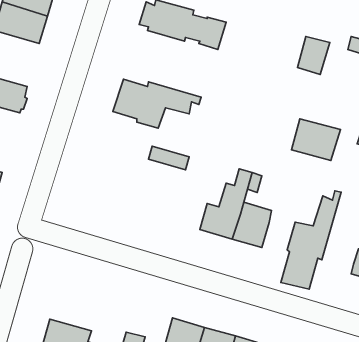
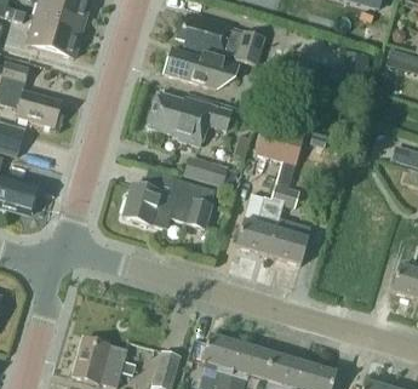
building: none -> [164,47,237,87]
building: [292,119,340,161] -> [254,121,304,164]
building: none -> [121,177,214,228]
building: [281,191,341,289] -> none

